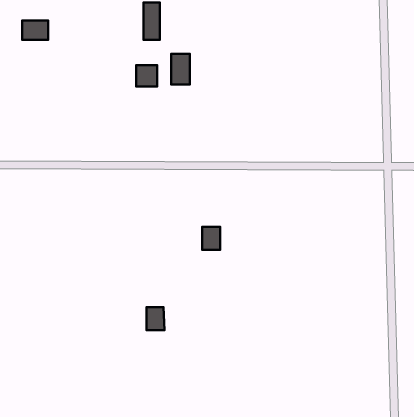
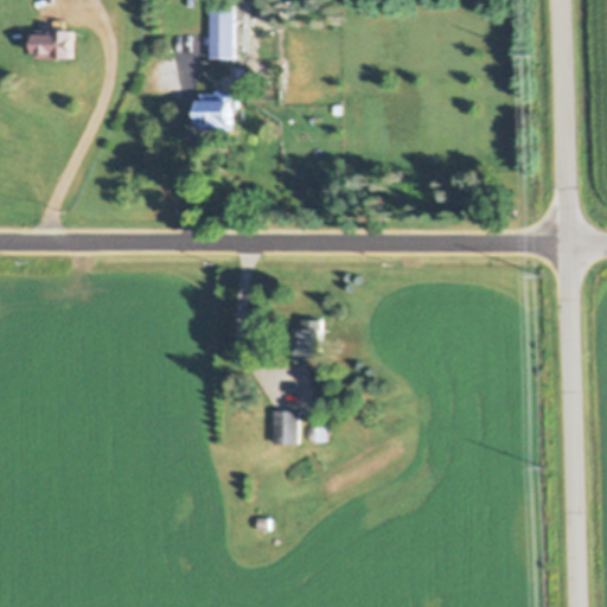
building: [171,54,190,85] -> none
building: [147,307,164,330] -> [271,410,298,443]

